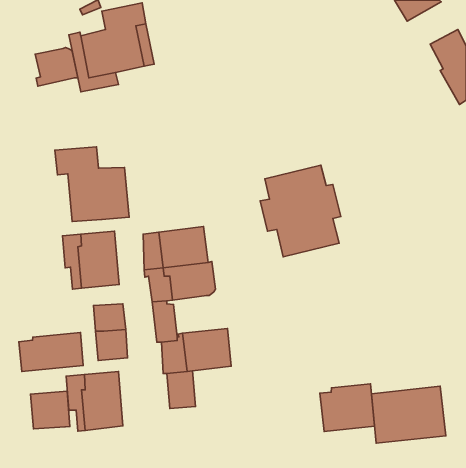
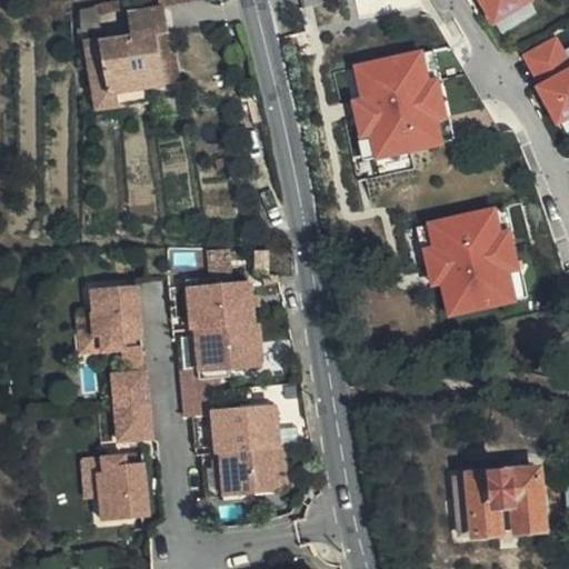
building: none -> [351,49,448,160]
building: [35,48,78,86] -> none
building: [55,147,129,221] -> none
building: [260,165,341,257] -> [422,206,520,317]
building: [19,333,83,371] -> none
building: none -> [233,445,290,493]
building: [320,384,375,432] -> none
building: [30,391,70,429] -> none

